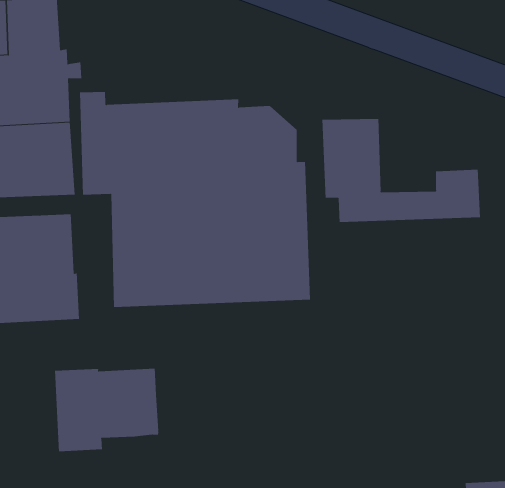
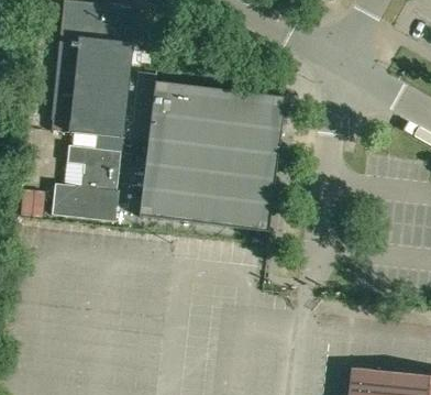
building: [322,118,481,223] -> none
building: [55,368,159,452] -> none

